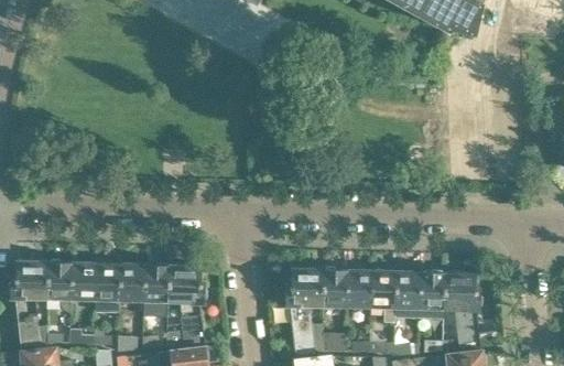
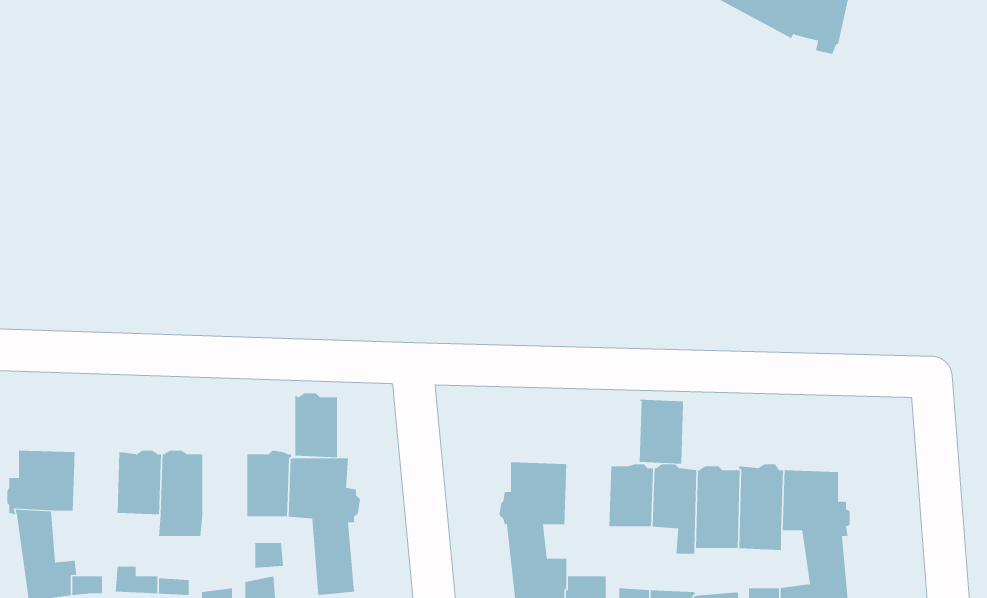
building: [45,260,72,311] -> none
building: [118,263,142,300] -> [294,393,338,458]
building: [321,269,346,305] -> [639,399,684,464]

